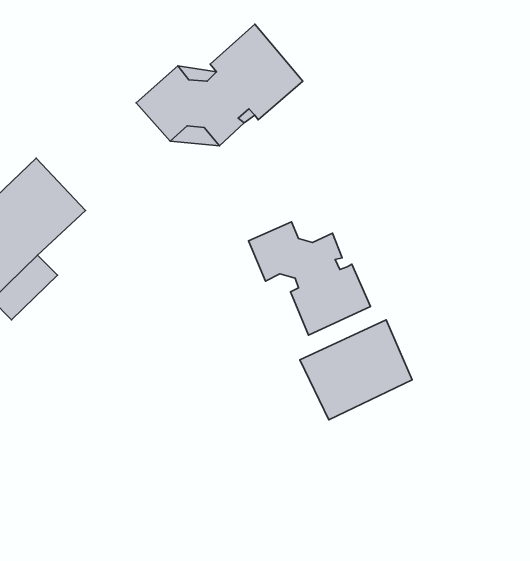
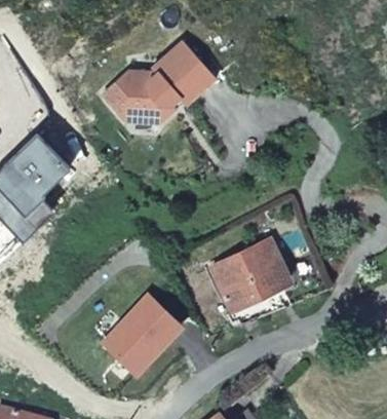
building: [248,222,371,335] -> none
building: none -> [102,295,181,375]

